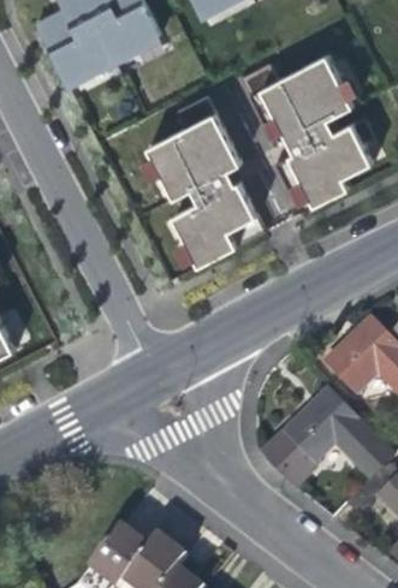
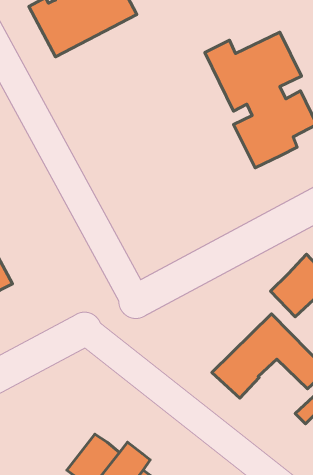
building: [148,97,267,268] -> none

